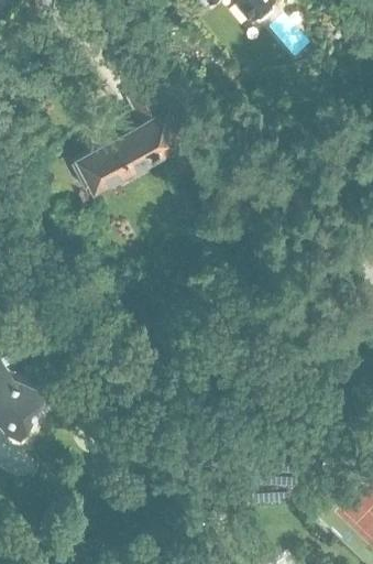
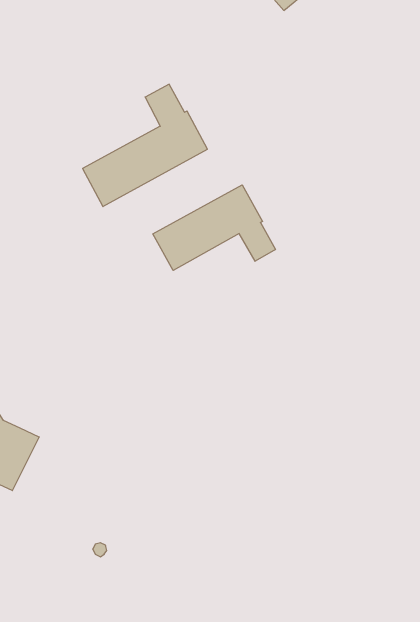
building: none -> [153,185,275,270]

